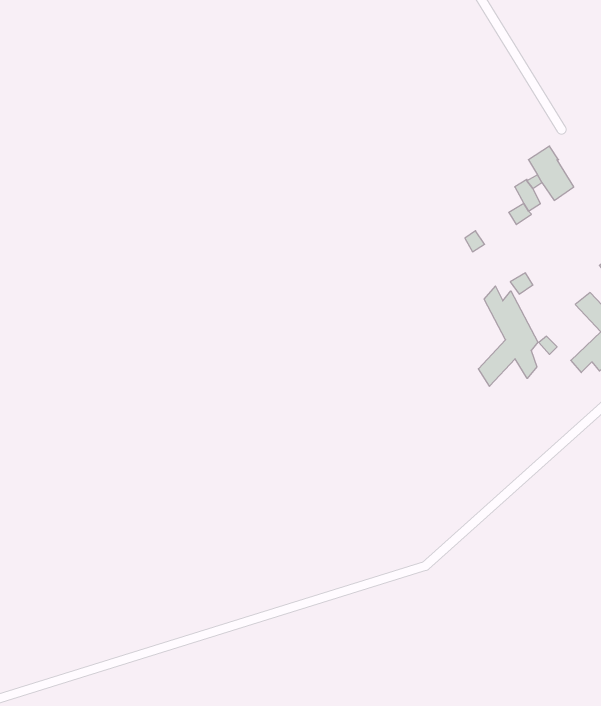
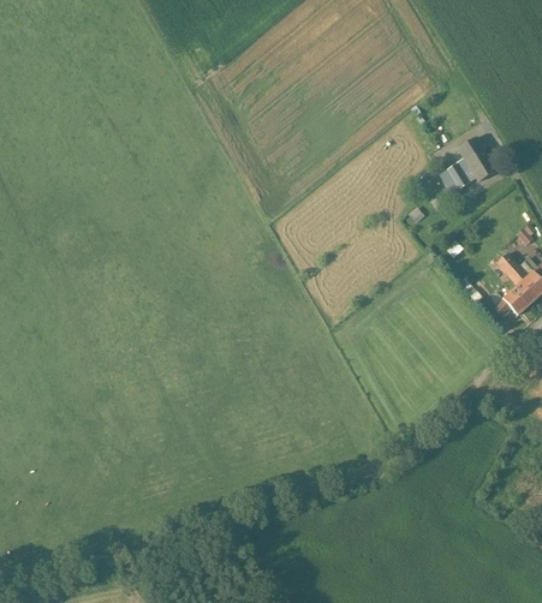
building: [478,286,538,386] -> none

